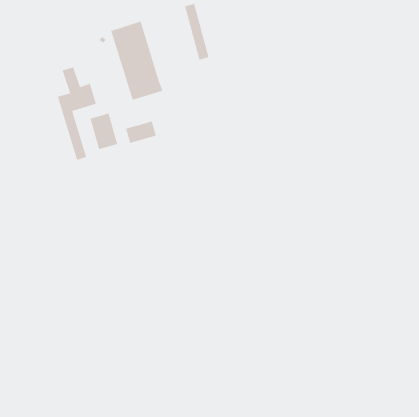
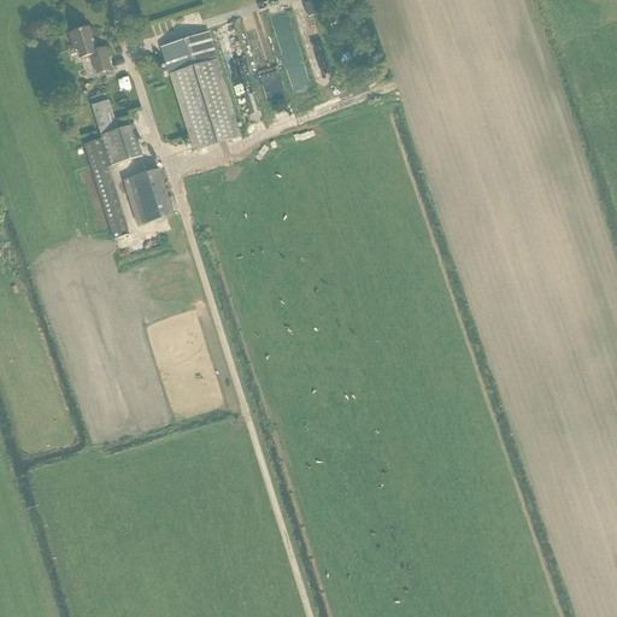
building: none -> [69,24,111,70]
building: [125,121,157,144] -> none

